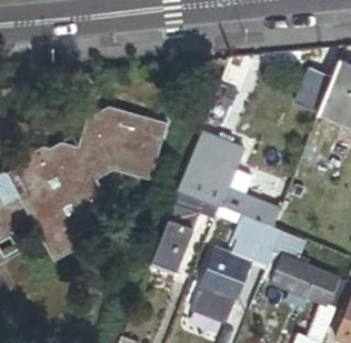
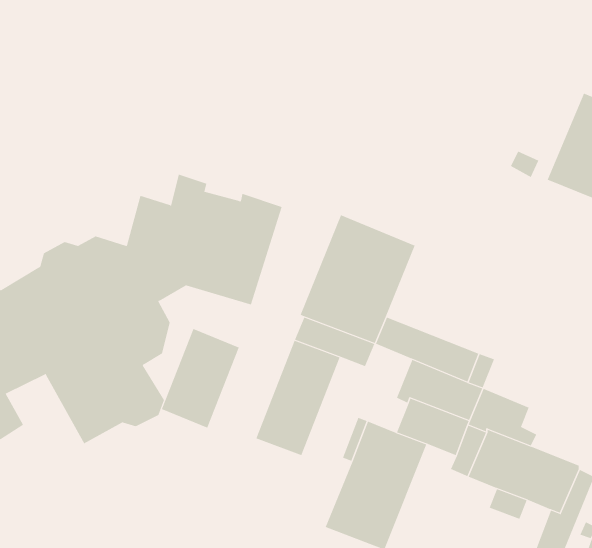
building: none -> [161,328,239,428]

